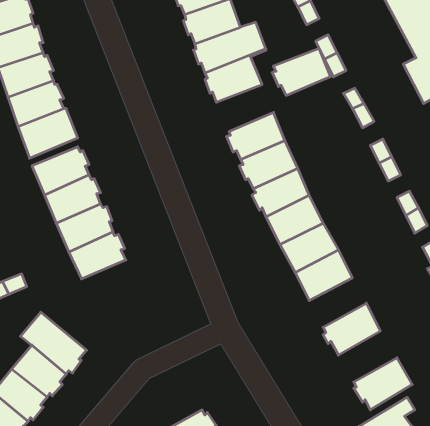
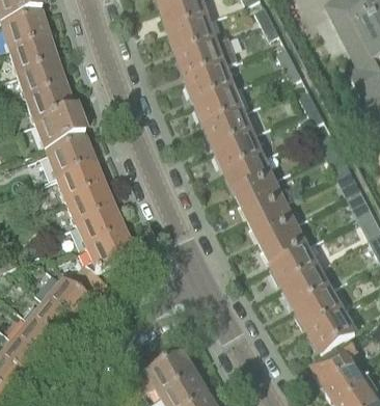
building: [272,48,331,95] -> [195,88,243,127]
building: none -> [70,232,133,290]
building: none -> [271,246,319,287]
building: none -> [296,290,344,331]

